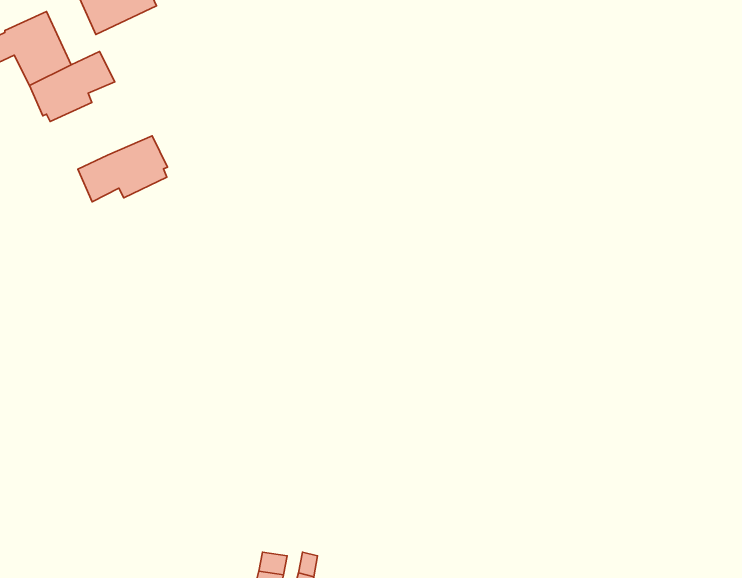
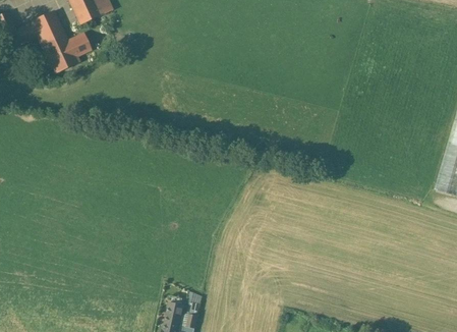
building: [78,136,167,202] -> none

